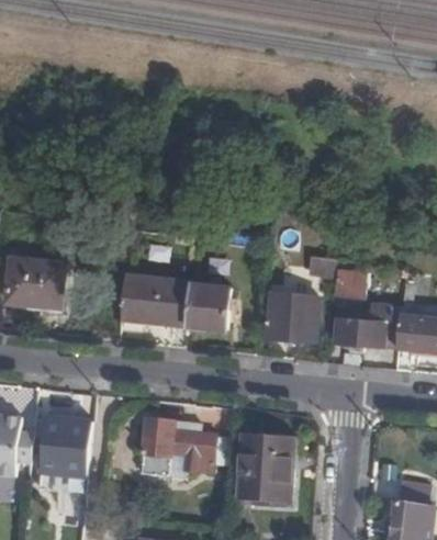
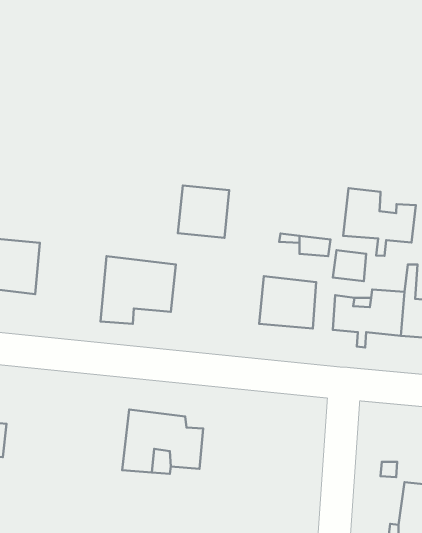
building: none -> [343,188,416,256]
building: [184,283,232,331] -> [178,186,229,238]
building: [37,416,93,494] -> none
building: [237,434,293,502] -> none

